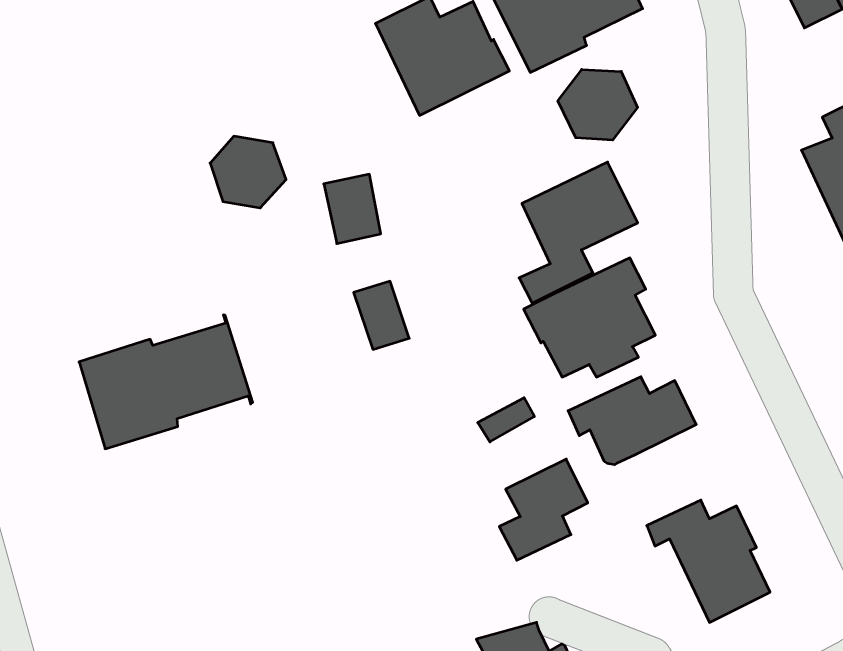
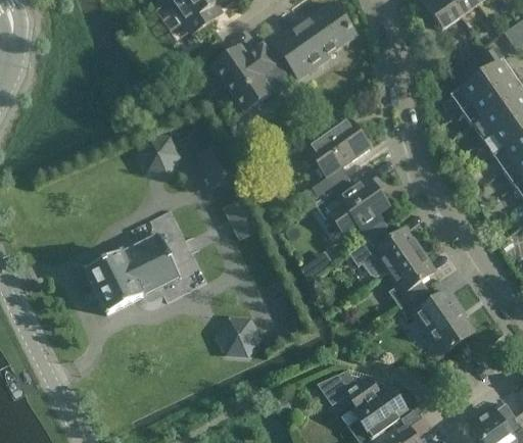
building: [558,69,638,140] -> none
building: [499,459,588,560] -> [390,249,435,307]
building: none -> [219,317,258,355]

